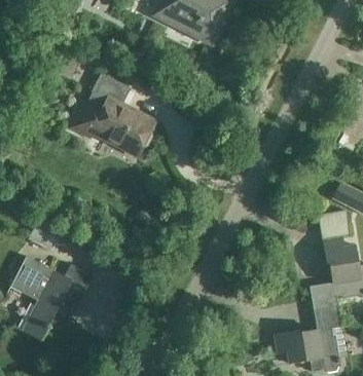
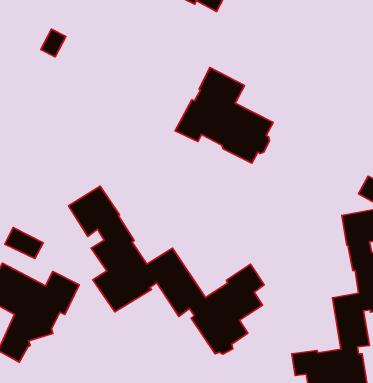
building: [70,73,154,155] -> [175,68,273,163]
building: none -> [68,186,264,354]

